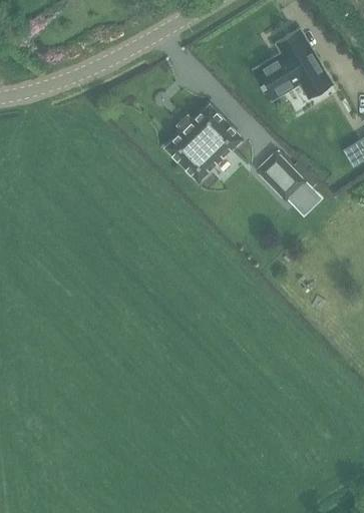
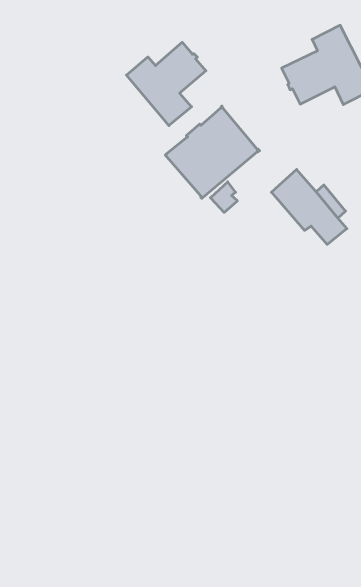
building: none -> [126,42,206,126]

